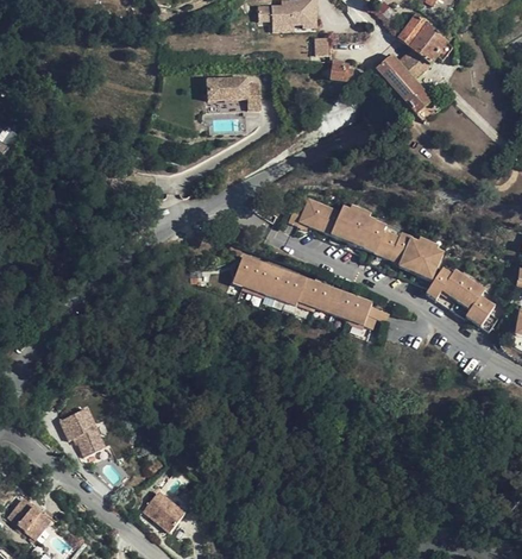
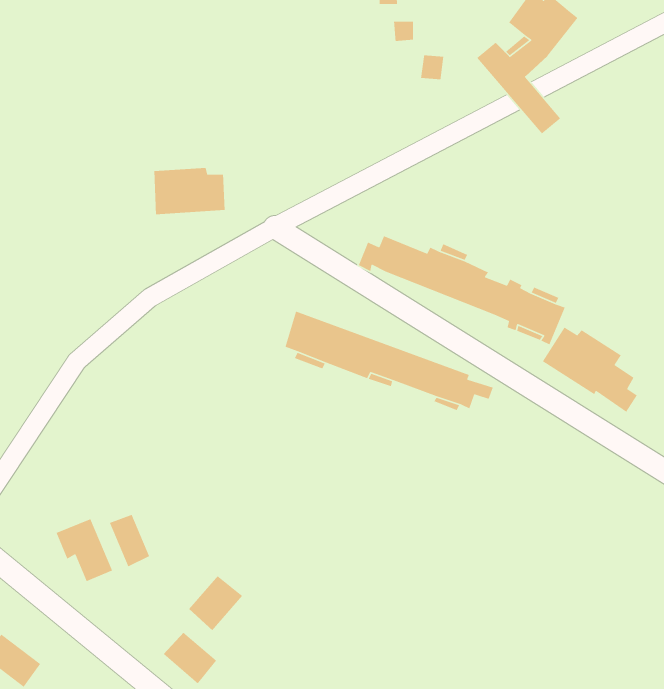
building: [208,74,262,109] -> [153,167,225,215]
building: none -> [109,514,150,567]
building: none -> [188,575,243,631]

